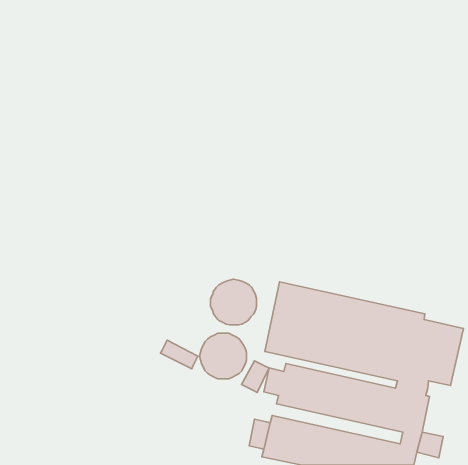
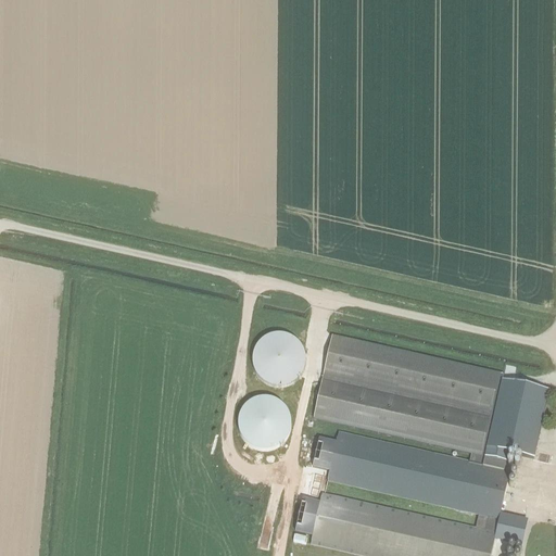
building: [161,340,198,369] -> none
building: [242,361,269,392] -> none

